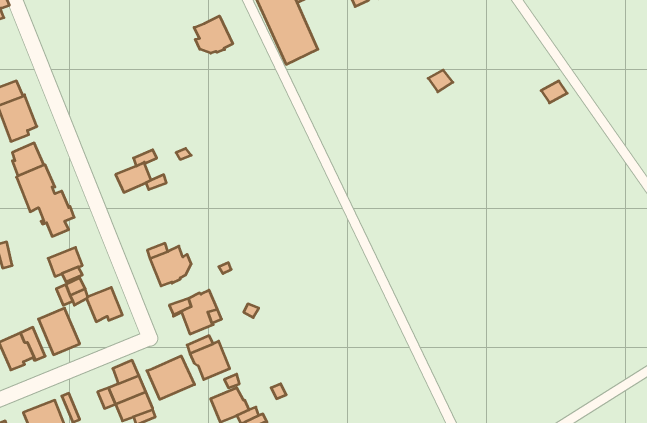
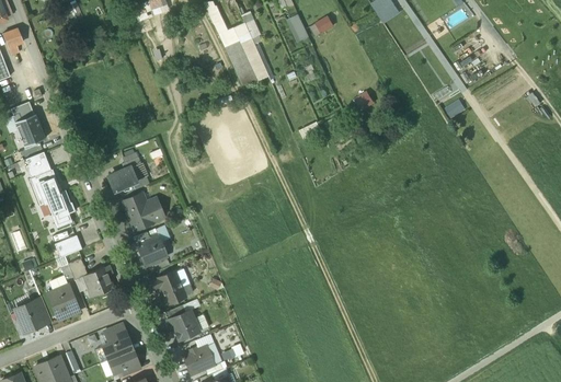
building: [194,16,233,53] -> none
building: none -> [123,196,162,229]
building: [147,356,195,399] -> none

